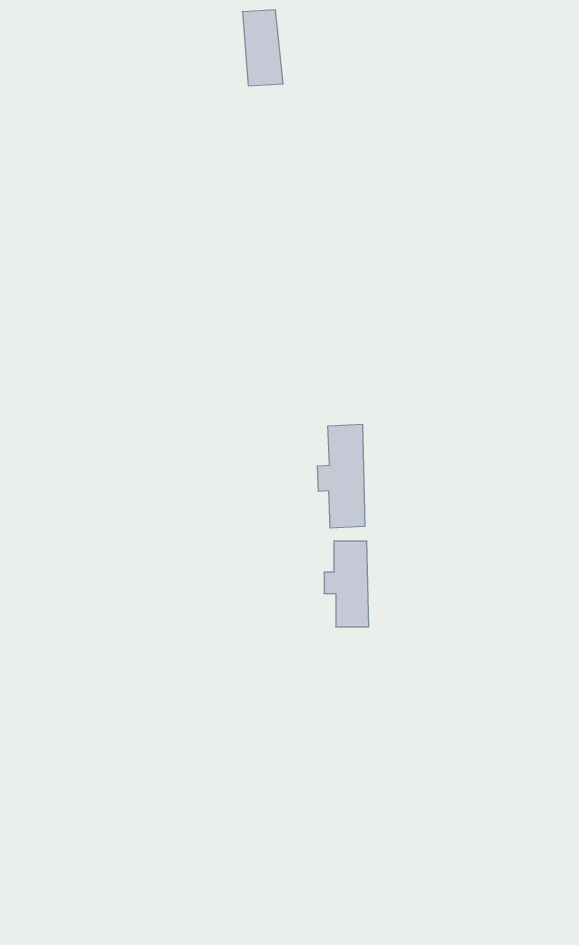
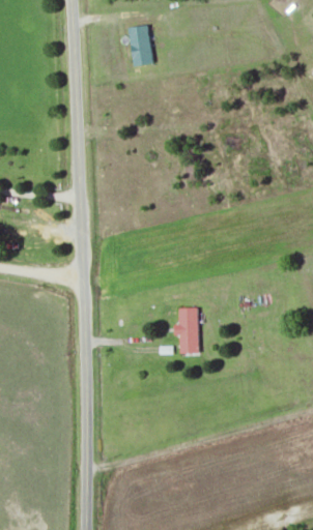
building: [317,424,365,528] -> none

